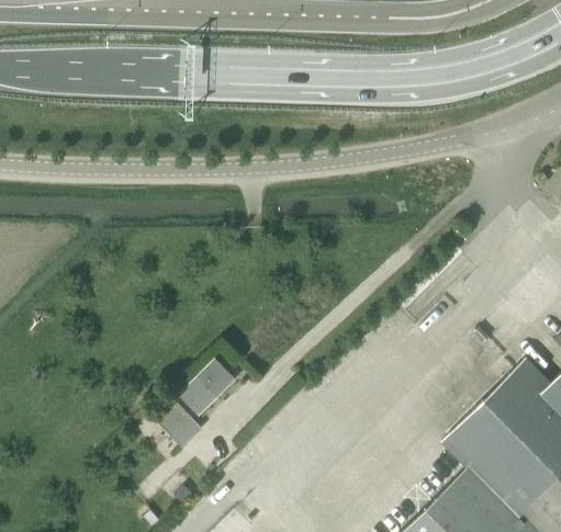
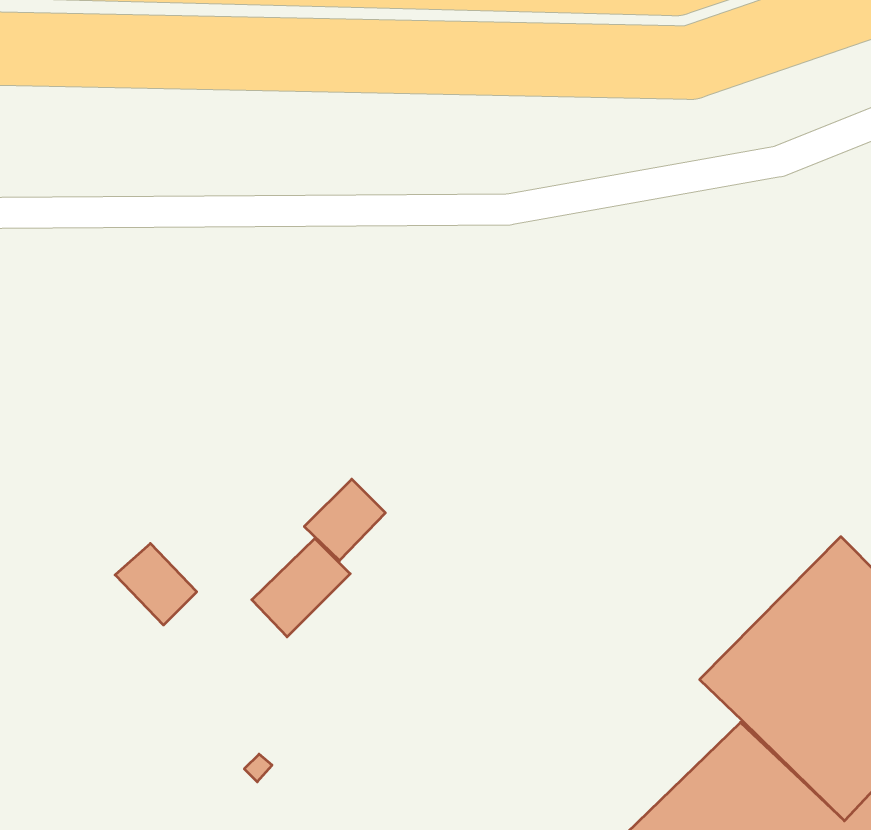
building: none -> [304,479,385,561]
building: [155,400,203,449] -> [115,543,197,625]

